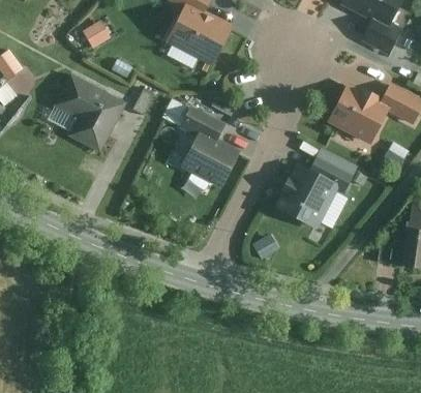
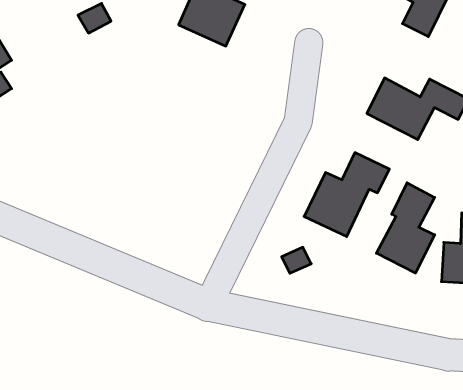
building: [47,75,118,150] -> none
building: [177,110,234,185] -> none
building: none -> [376,183,435,273]

